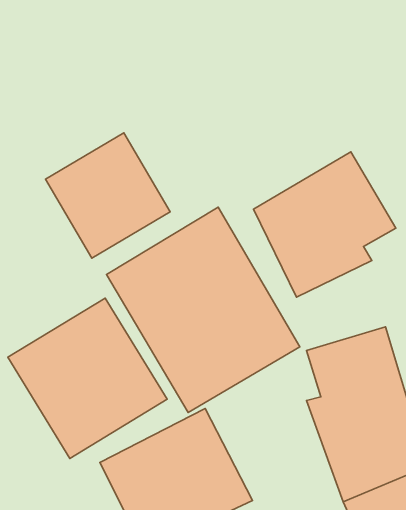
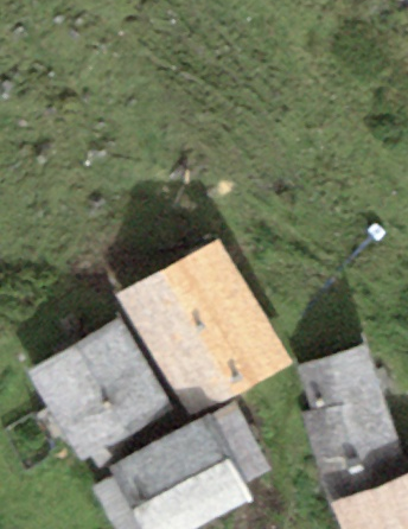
building: [45,133,170,258] -> none
building: [253,152,396,297] -> none

